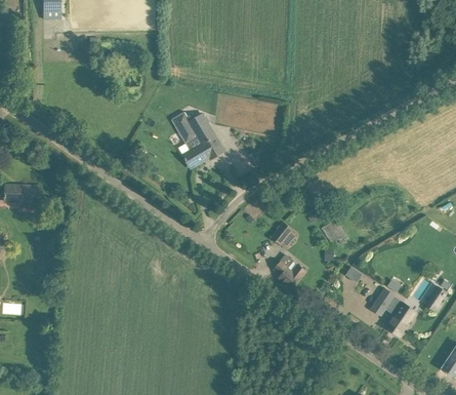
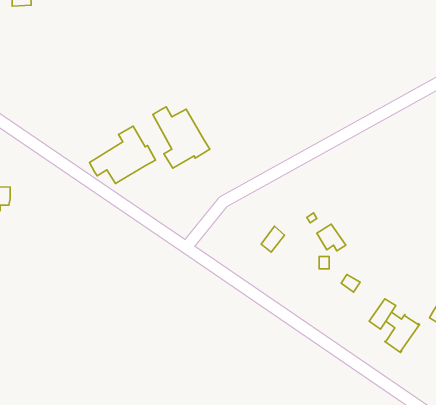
building: none -> [90,126,155,183]
building: [274,253,304,287] -> none

